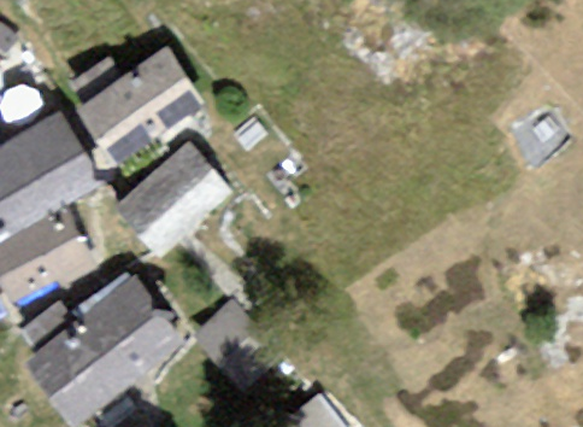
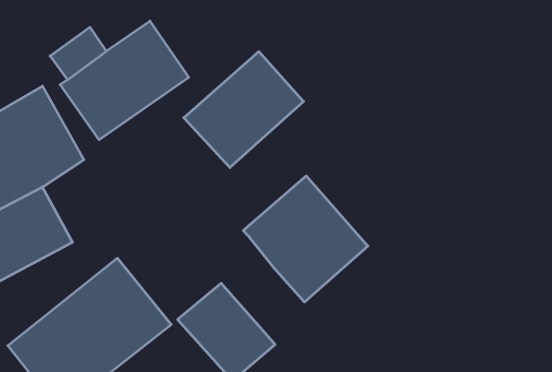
building: [111,142,226,255] -> [184,52,304,168]
building: none -> [243,176,368,302]

